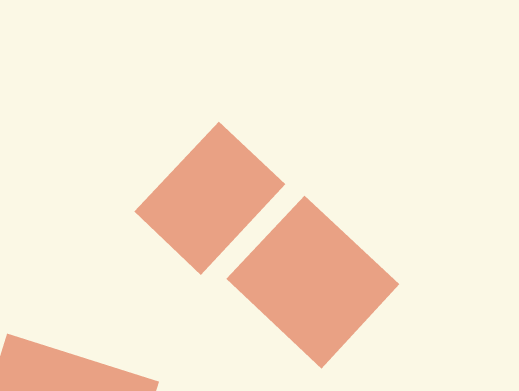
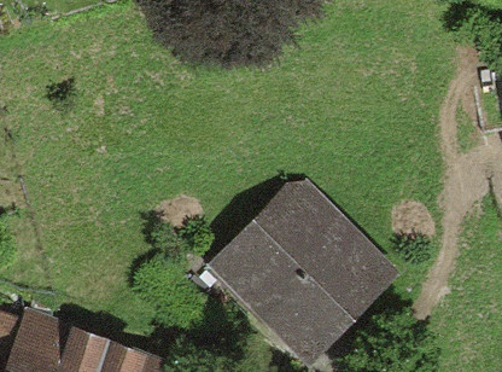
building: [133,121,286,276] -> none

